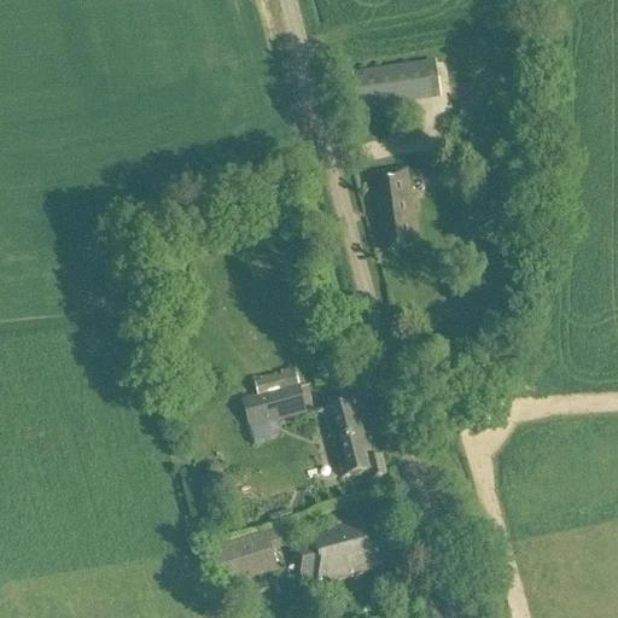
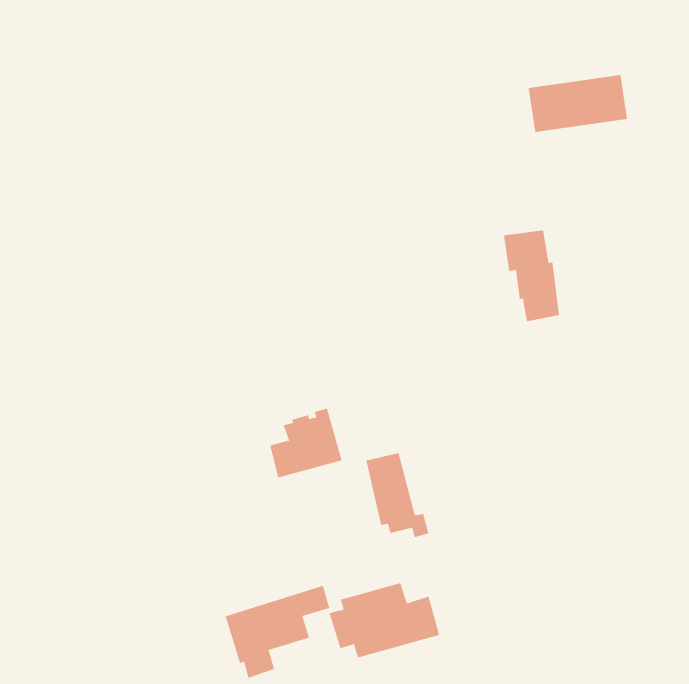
building: [354,57,443,109] -> [528,74,628,133]
building: [371,168,421,250] -> [503,230,560,322]

